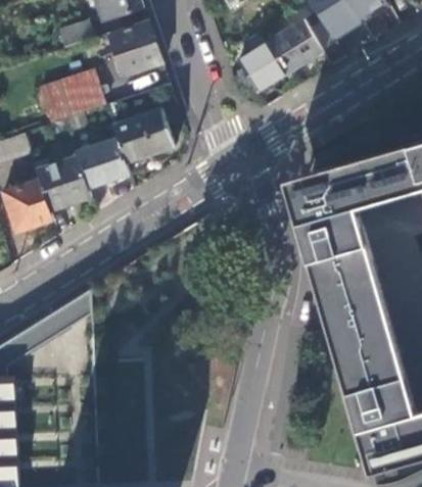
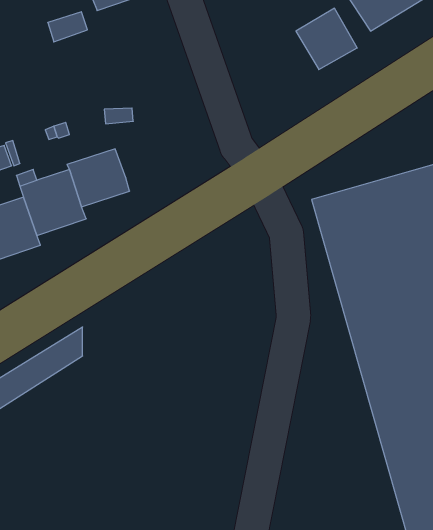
building: [107,22,160,78] -> none
building: [236,39,288,91] -> none
building: [38,70,103,121] -> none
building: [111,109,173,163] -> none

